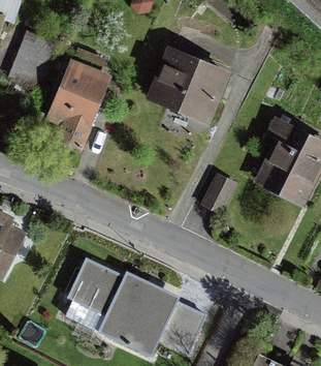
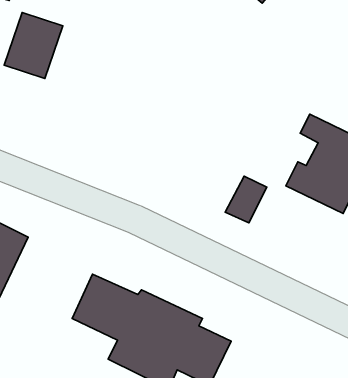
building: [47,45,110,149] -> none
building: [147,48,231,127] -> none

